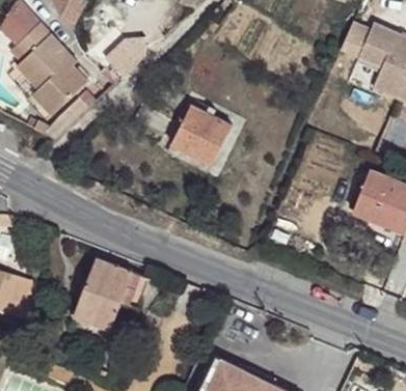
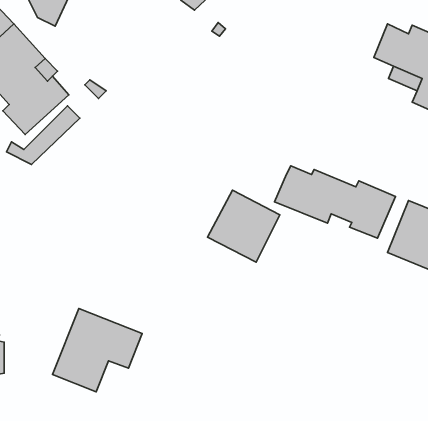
building: [105,37,145,77] -> none
building: [171,105,232,165] -> [207,190,280,262]
building: none -> [275,166,395,238]

